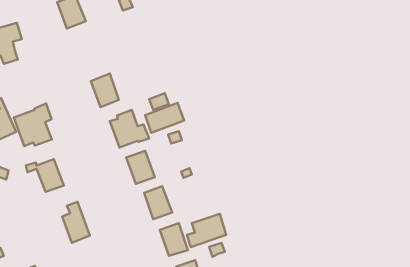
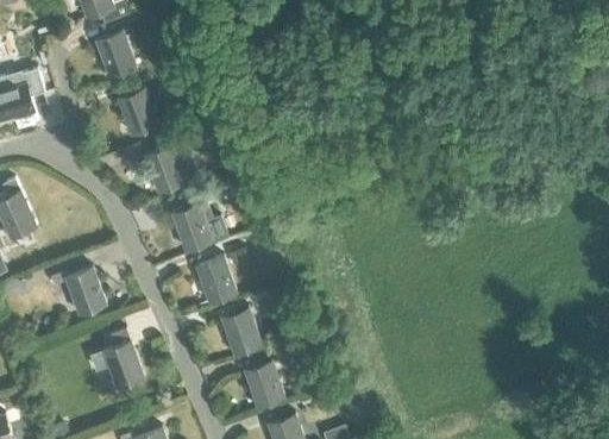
building: none -> [118,89,159,137]
building: [145,103,184,133] -> none
building: [14,104,52,146] -> none
building: [187,214,226,247] -> none

